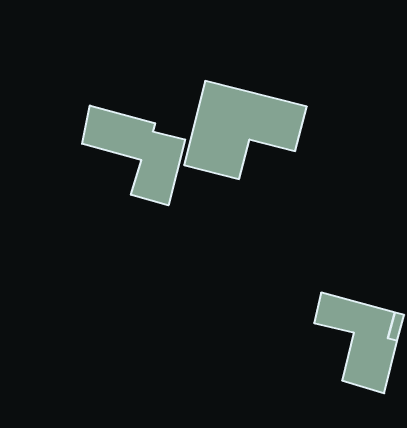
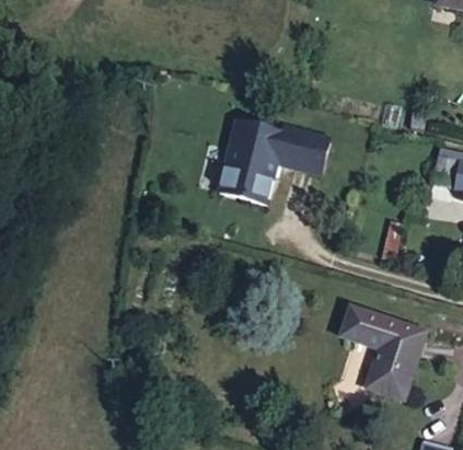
building: [82,105,185,205] -> none

